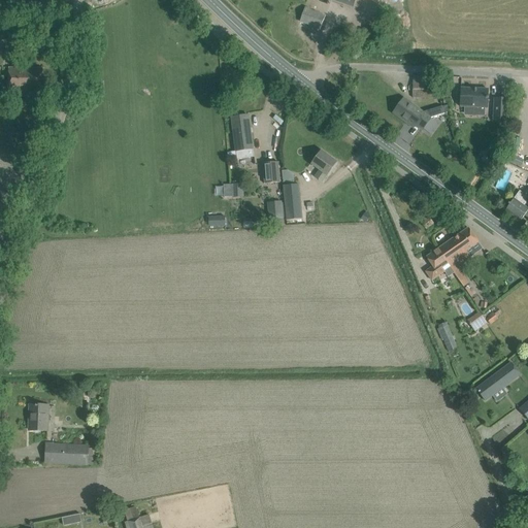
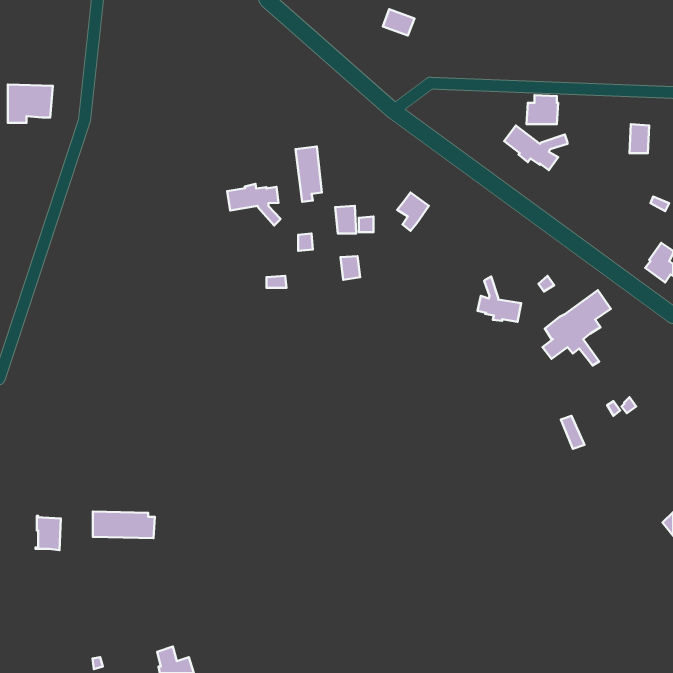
building: [459,87,488,107] -> none
building: none -> [227,184,280,226]
building: [283,192,300,219] -> none
building: none -> [477,276,521,322]
building: [475,362,519,400] -> none
building: [44,443,93,464] -> [93,512,155,538]

